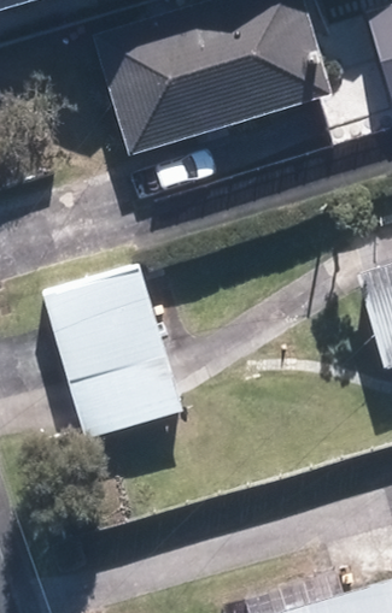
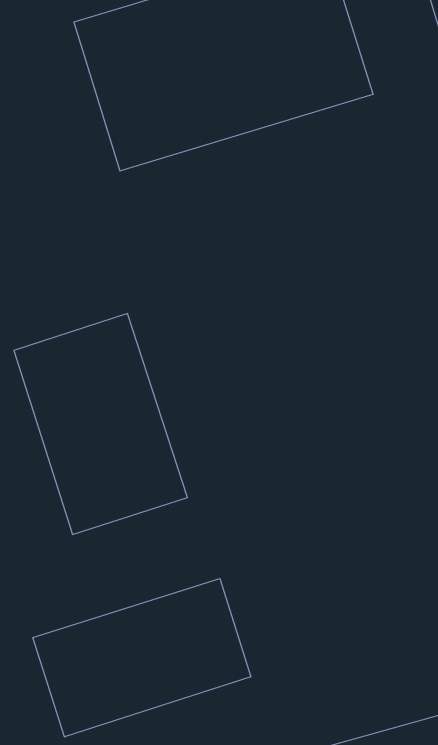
building: none -> [33,579,251,737]

